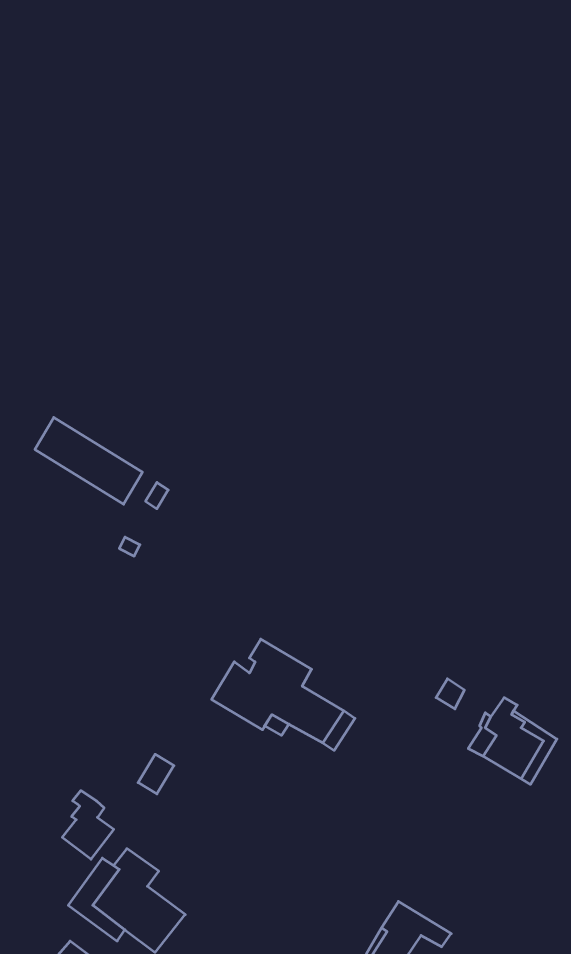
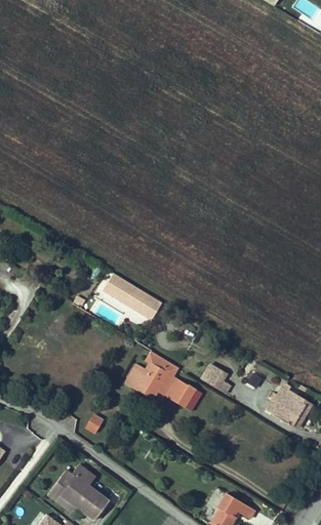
building: [35,417,142,504] -> [103,273,161,320]
building: none -> [201,364,231,395]
building: [62,791,114,859] -> none

